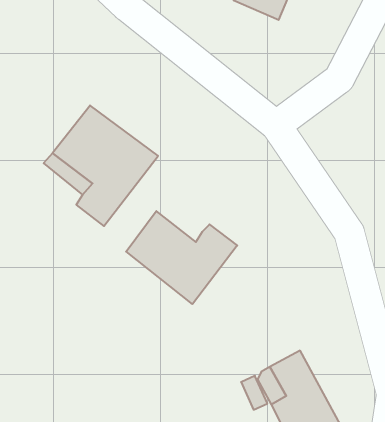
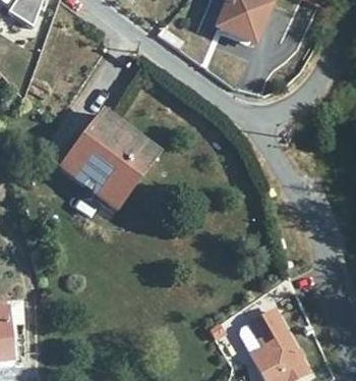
building: [126,211,237,304] -> none

